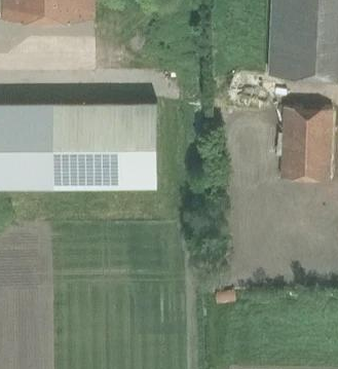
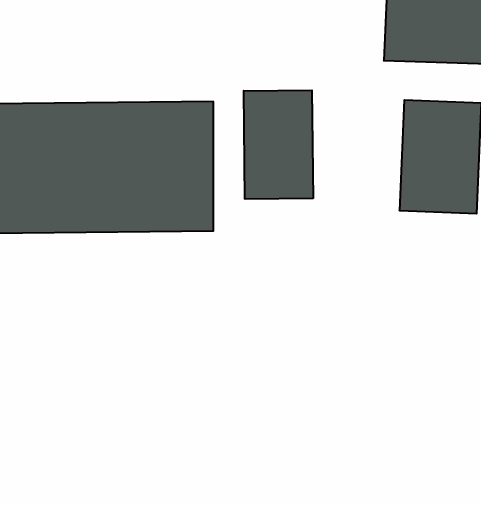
building: none -> [244,90,313,199]

